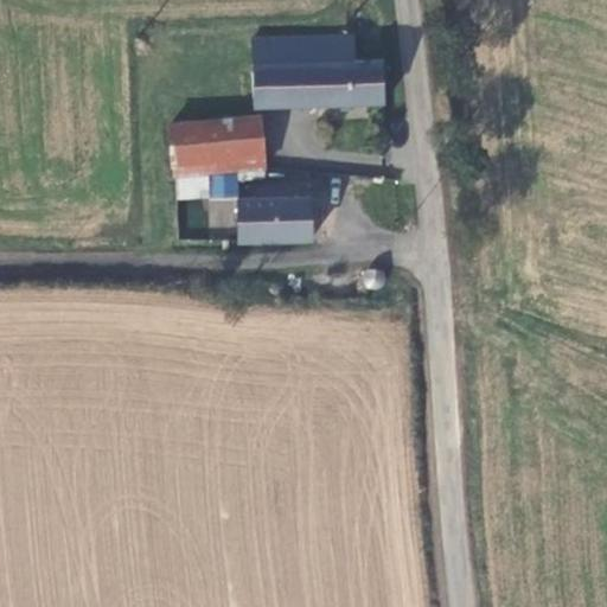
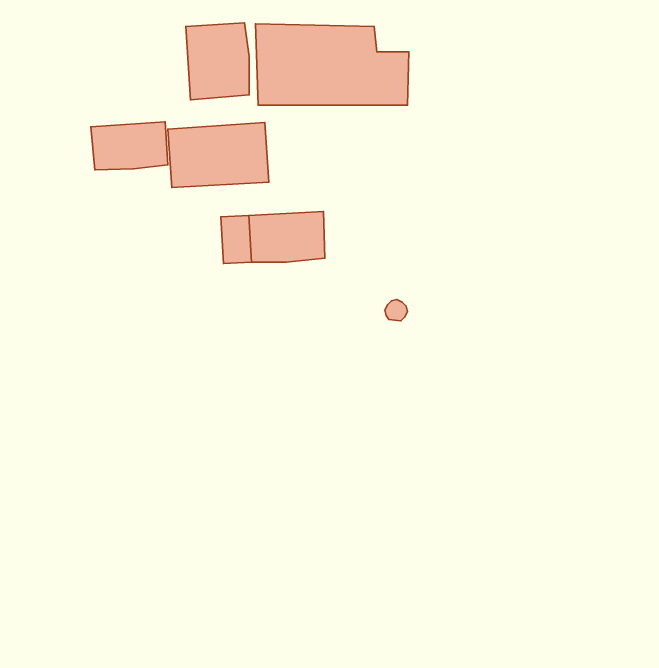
building: none -> [186,23,249,100]
building: none -> [91,122,168,170]

